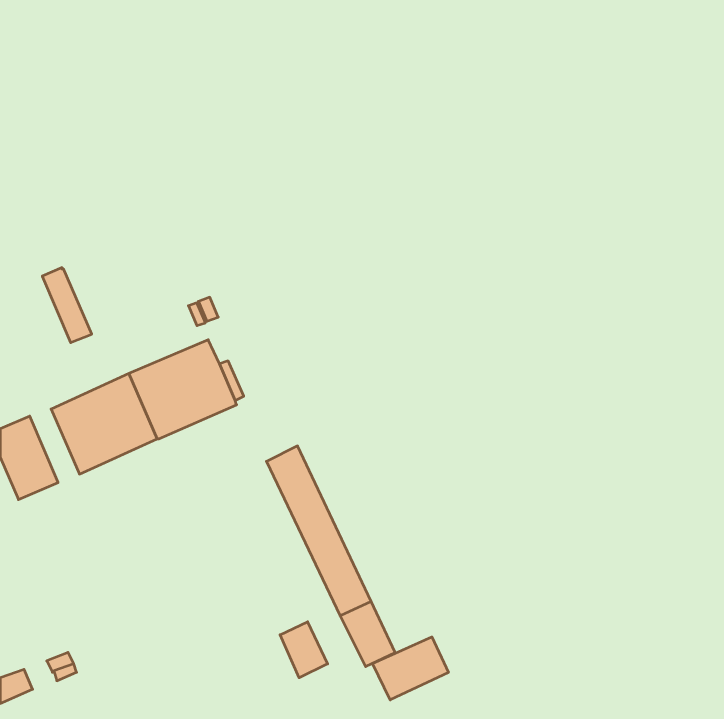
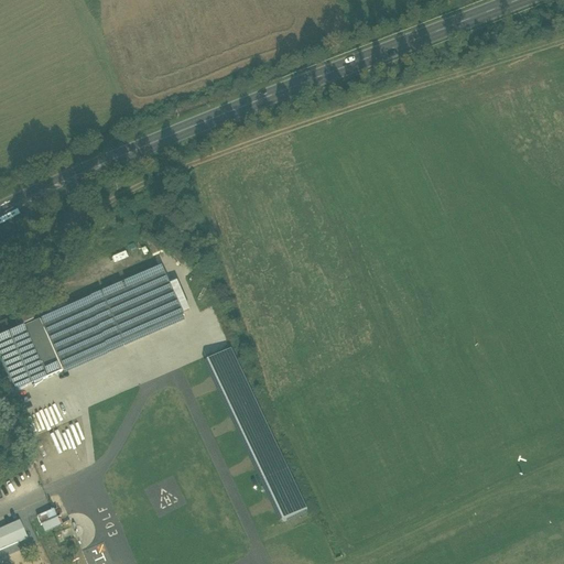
building: [42,268,92,343] -> [23,317,62,376]
building: [280,622,328,678] -> none
building: [372,637,448,700] -> none

